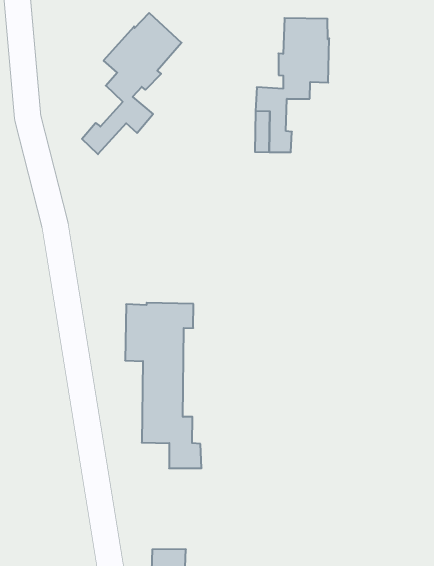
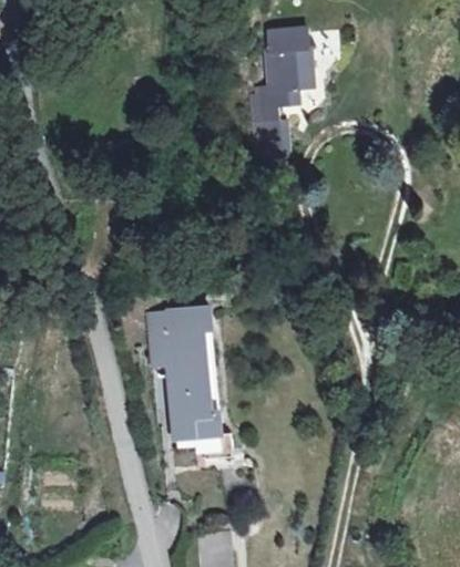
building: [82,13,182,154] -> none

